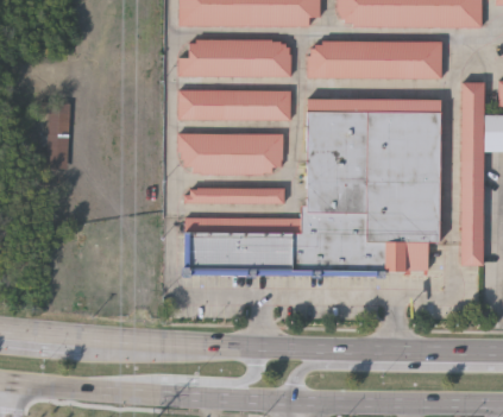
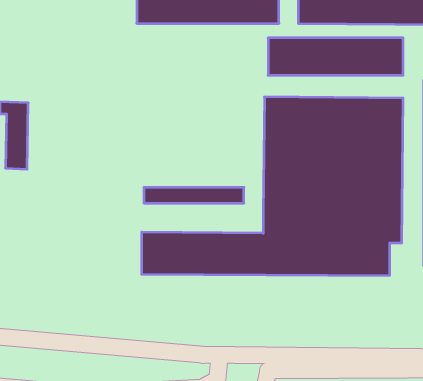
building: [178,39,290,77] -> none
building: [177,90,290,120] -> none
building: [180,133,282,173] -> none

